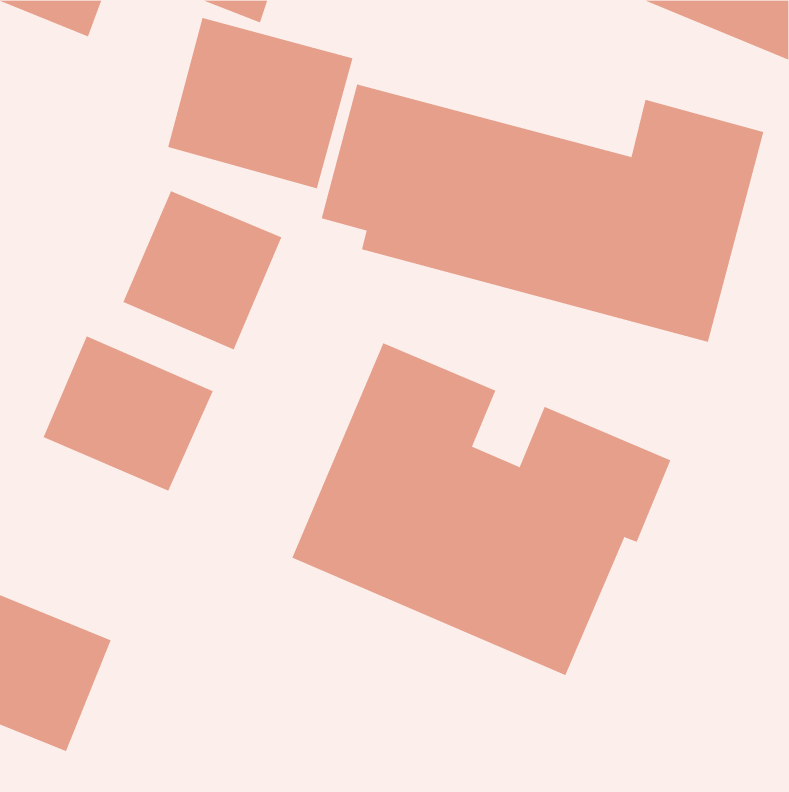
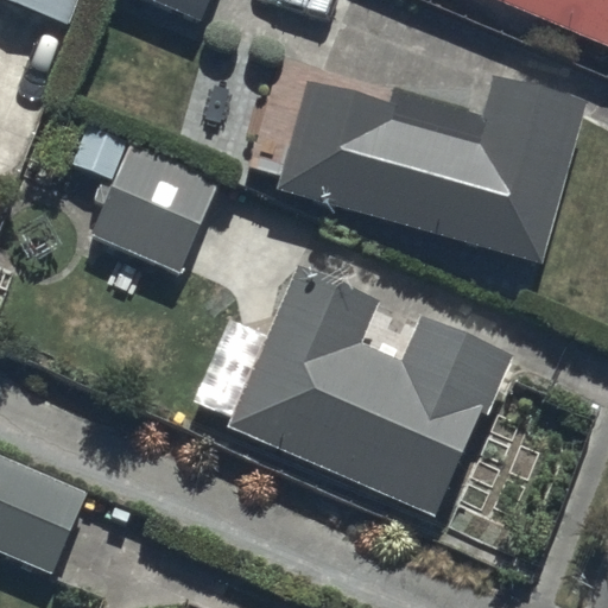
building: [167,17,353,189] -> none
building: [43,335,214,492] -> none

